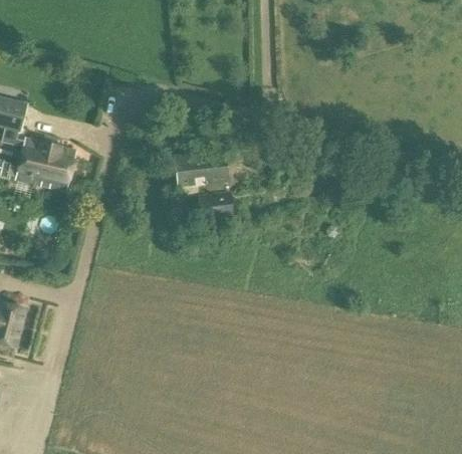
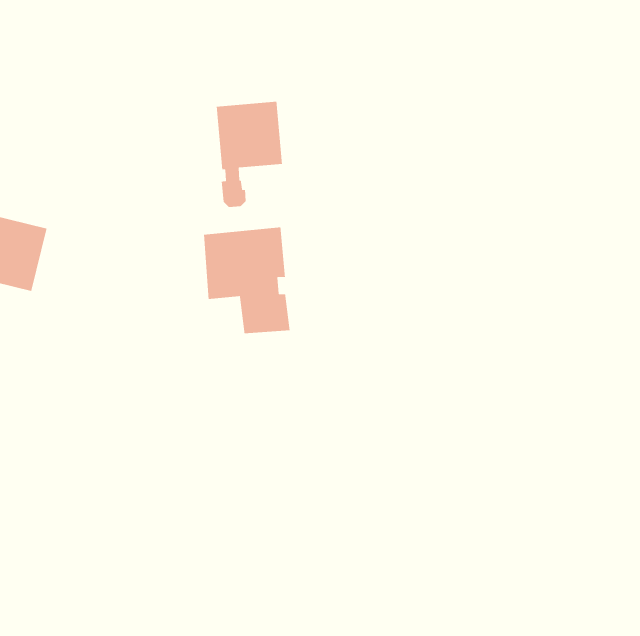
building: none -> [216,101,283,208]

